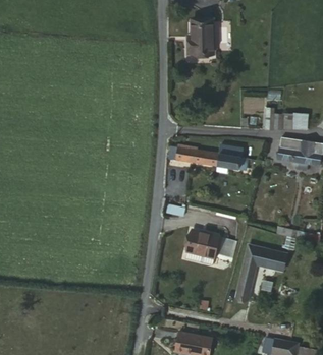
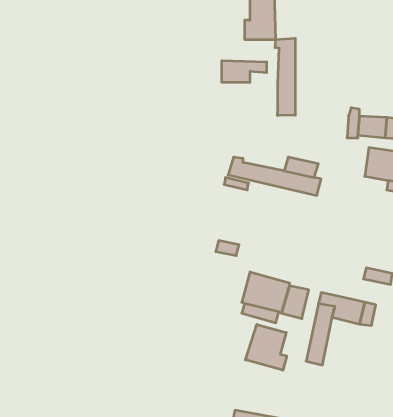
building: none -> [275,38,295,116]
building: none -> [222,61,267,82]
building: none -> [245,324,287,370]

